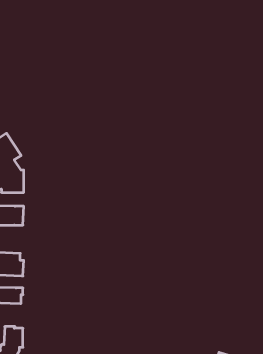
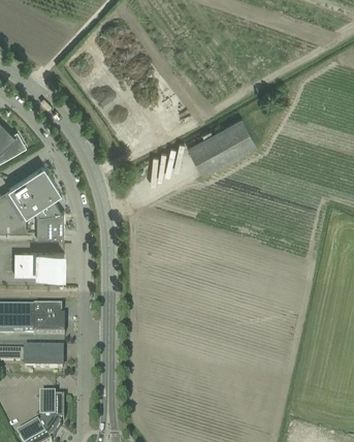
building: none -> [187,116,257,172]

